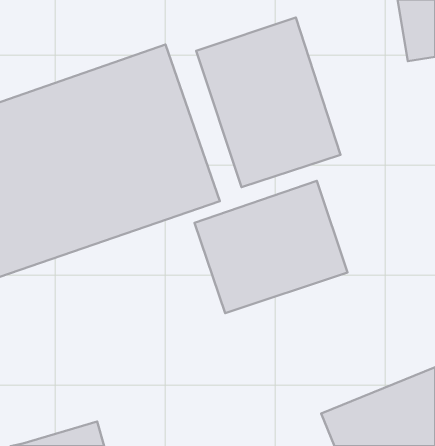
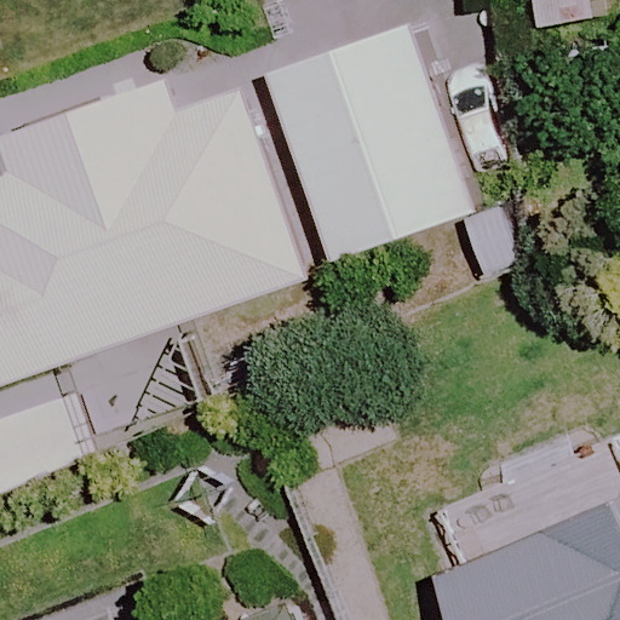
building: [194,181,347,313] -> none

